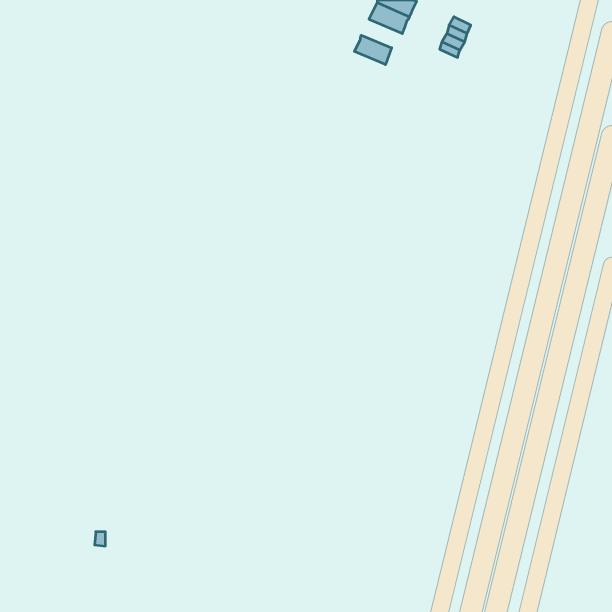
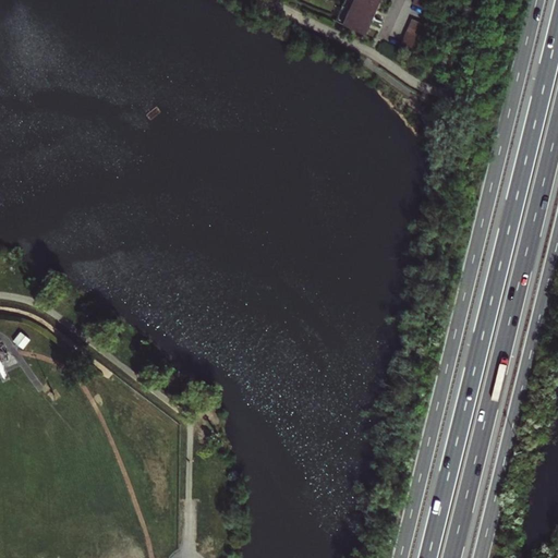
building: [354,35,392,65] -> none

